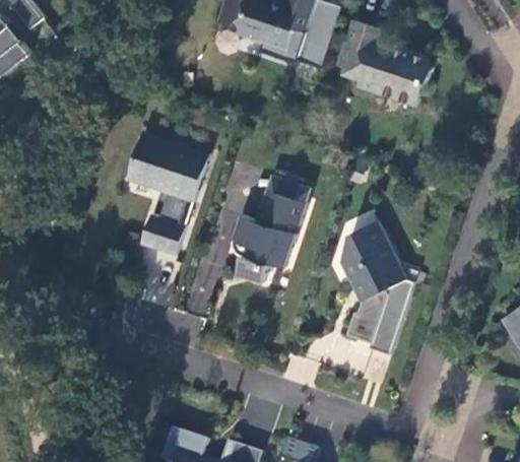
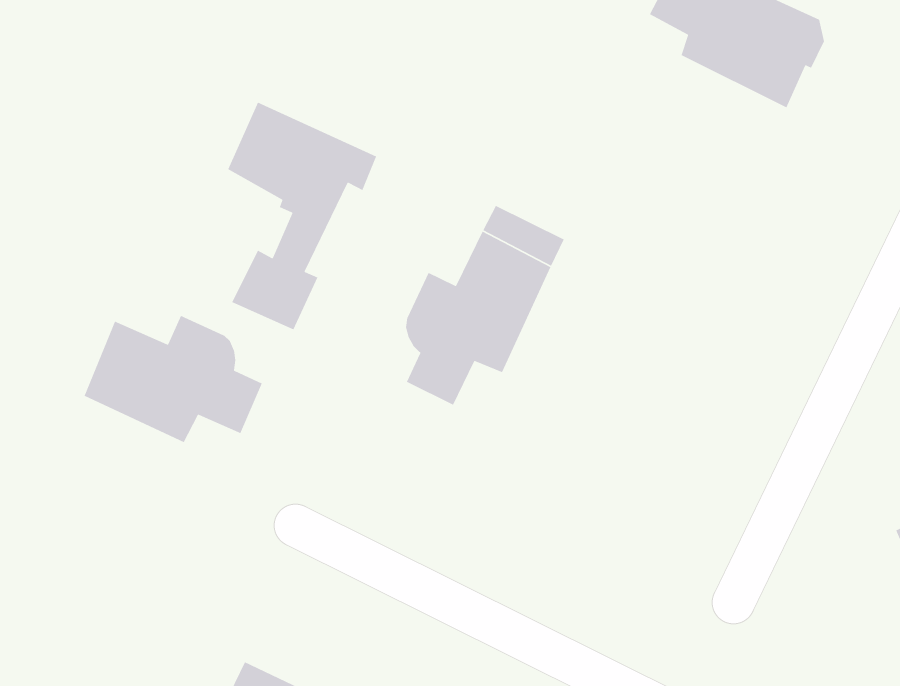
building: [342,221,415,354] -> none
building: none -> [84,315,263,443]

